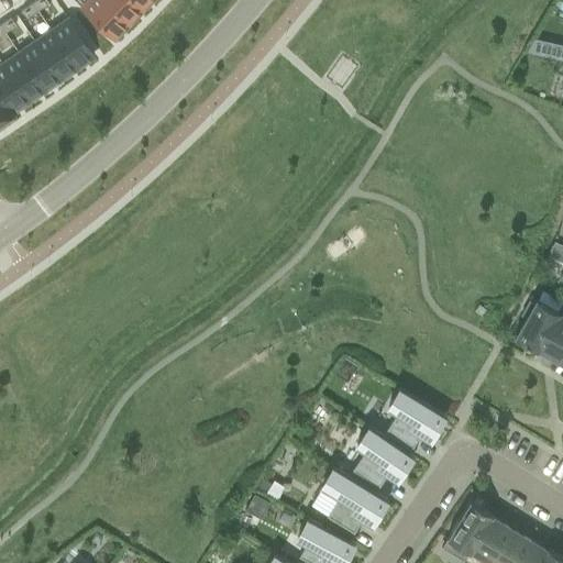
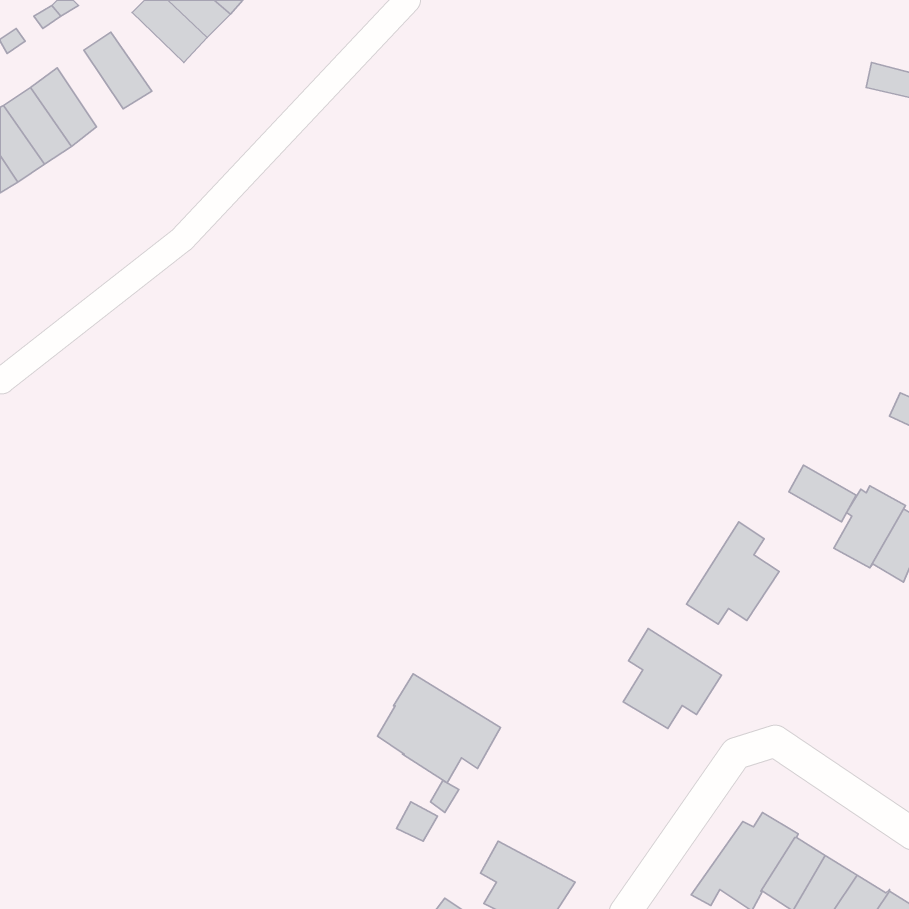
building: [37,33,78,80] -> none
building: none -> [789,465,856,522]
building: none -> [686,522,779,624]
building: [353,429,415,490] -> none
building: [312,468,388,536] -> [377,674,501,783]

